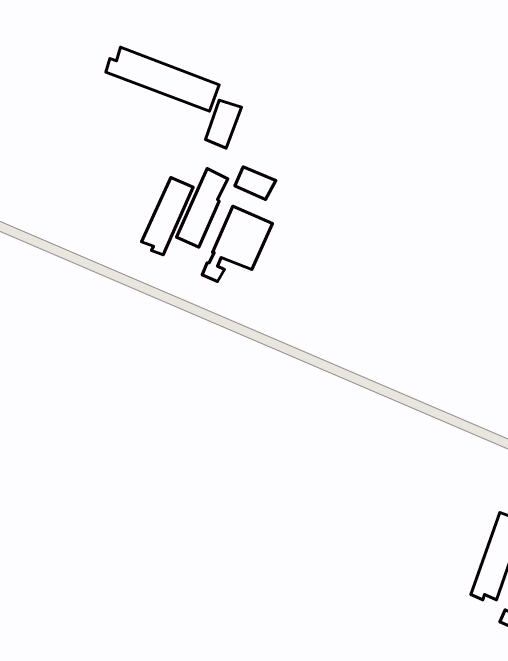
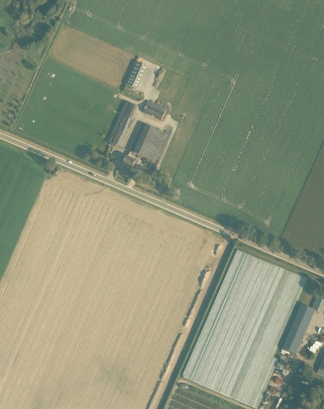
building: [106,47,219,111] -> none
building: [142,177,193,255] -> none

